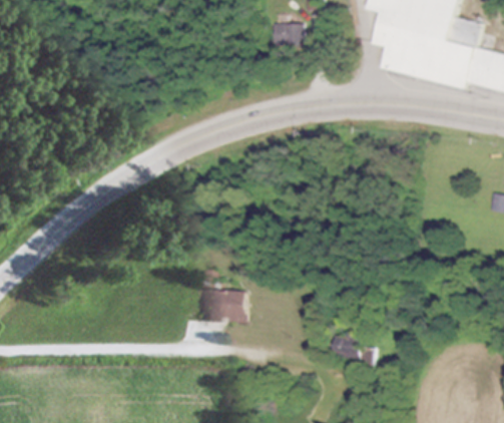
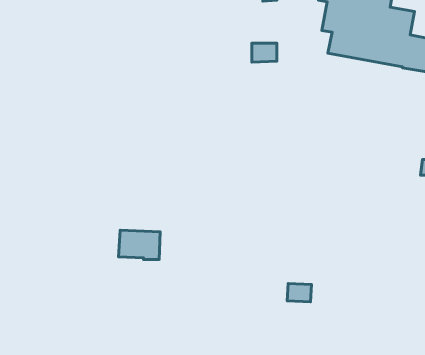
building: [274,23,303,45] -> [252,43,277,62]
building: [199,289,247,323] -> [118,230,160,260]

